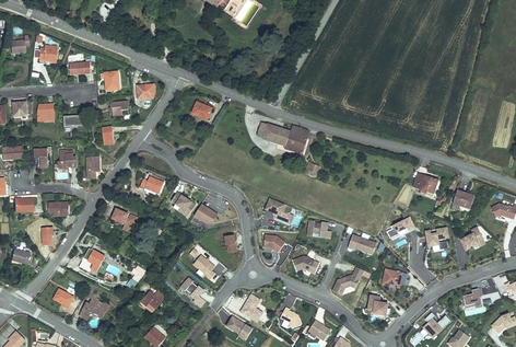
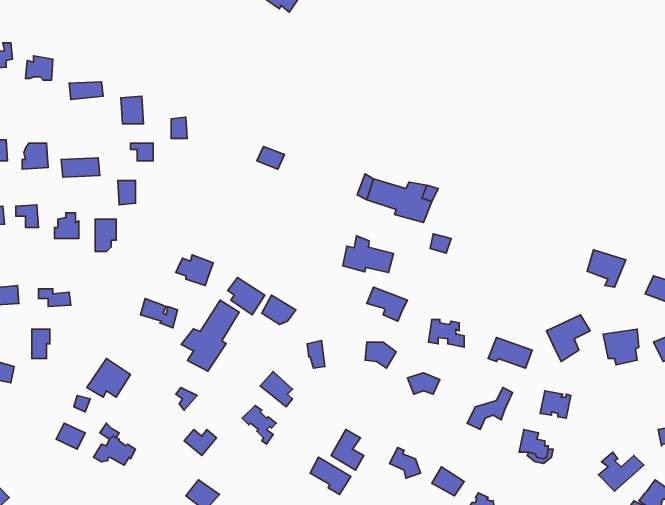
building: none -> [343,236,393,272]
building: none -> [181,300,239,371]

